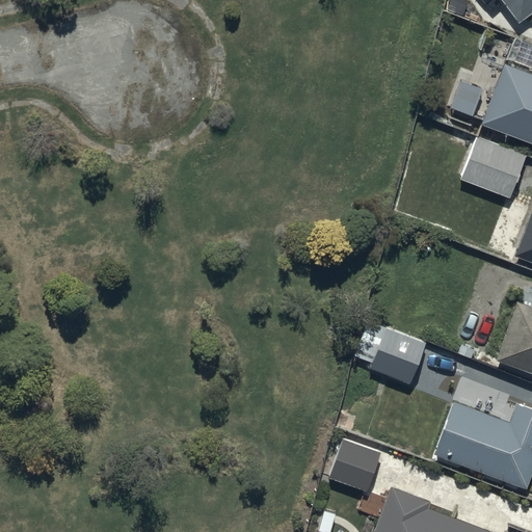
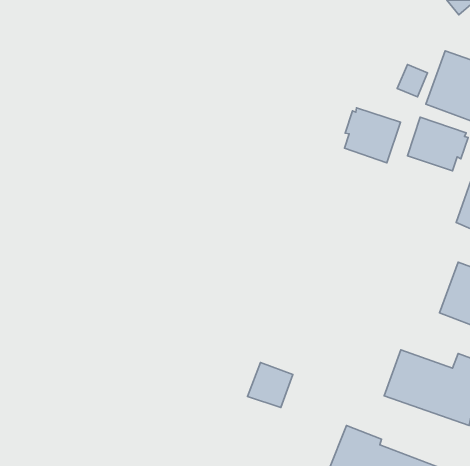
building: none -> [344,108,400,163]
building: [370,330,425,383] -> none
building: [328,441,379,491] -> [248,362,293,408]

